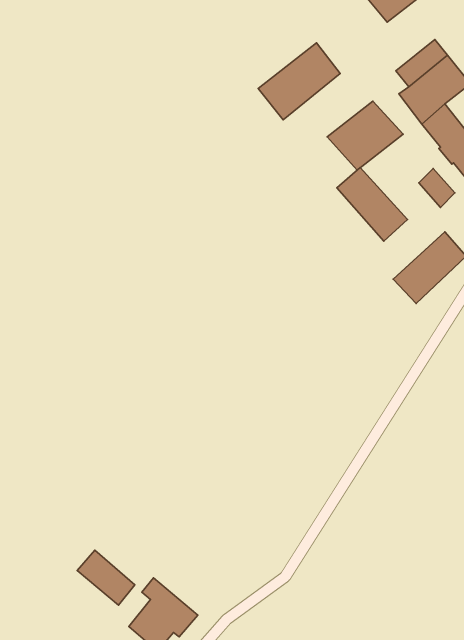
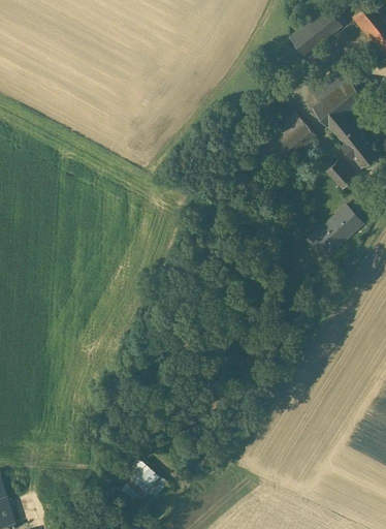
building: [258,43,340,120] -> none
building: [337,168,407,241] -> none
building: [77,550,135,605] -> none

